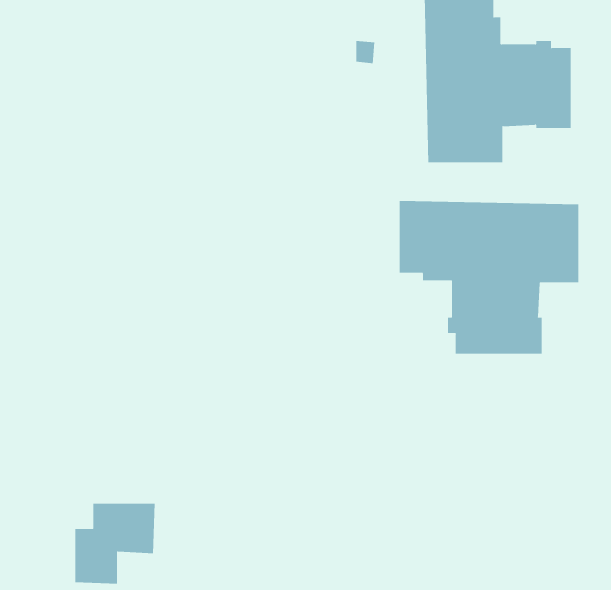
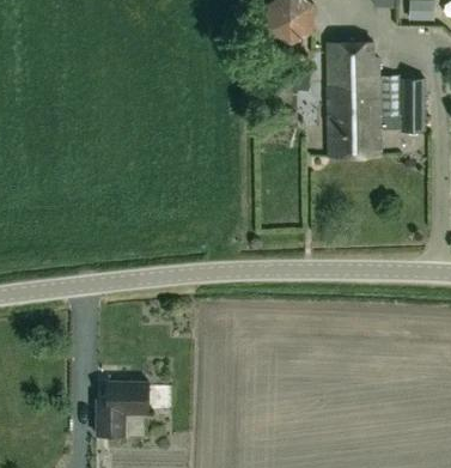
building: [399,200,579,355] -> none

